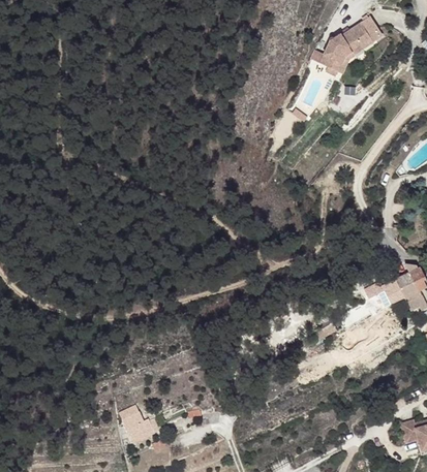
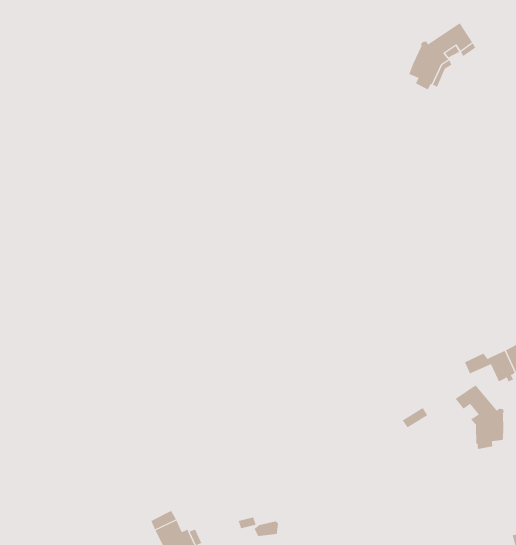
building: none -> [455,384,505,450]

